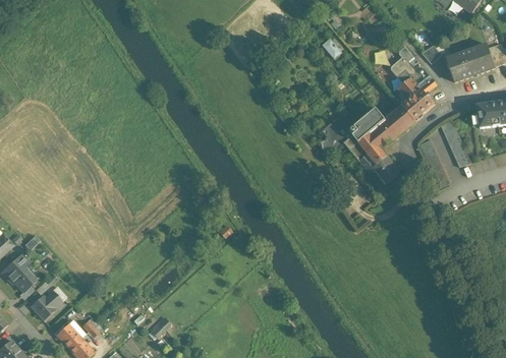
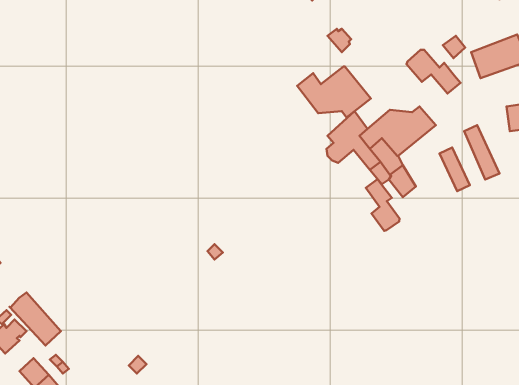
building: none -> [297,67,371,117]
building: [397,77,434,121] -> none
building: none -> [366,179,400,231]
building: none -> [10,293,61,345]

